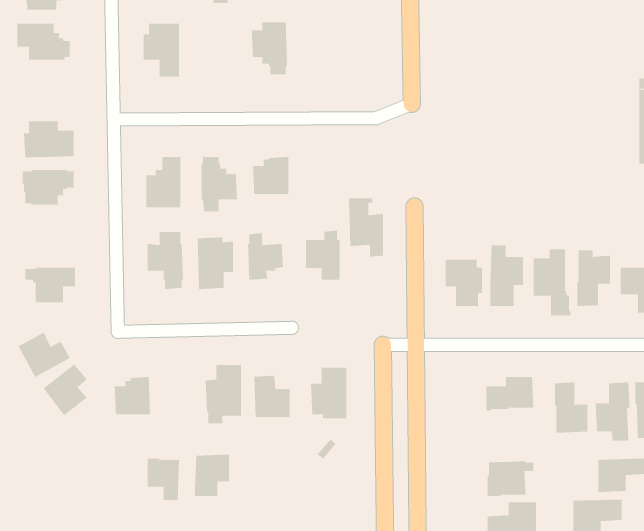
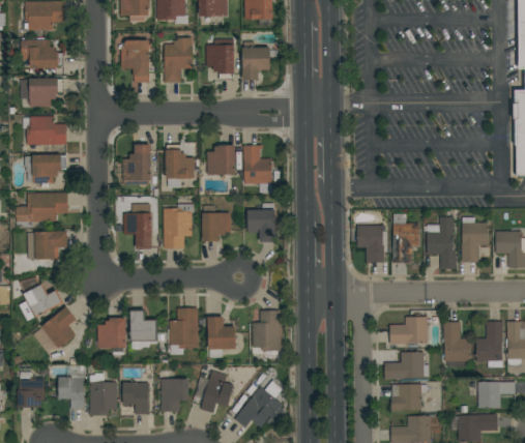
building: none -> [163,38,192,83]
building: none -> [242,48,278,81]
building: none -> [20,78,64,107]
building: [348,198,384,257] -> [243,146,271,193]
building: none -> [16,194,68,228]
building: none -> [129,309,157,342]
building: none -> [384,353,429,380]
building: none -> [59,365,86,410]
building: none -> [18,372,45,408]
building: none -> [200,372,234,413]
building: none -> [89,374,117,416]
building: none -> [235,387,283,429]

